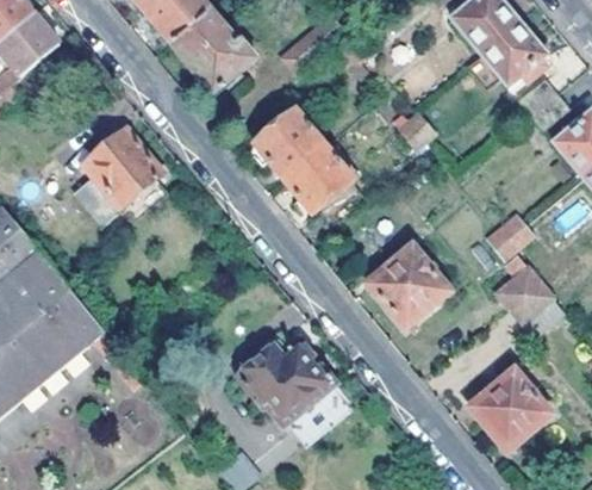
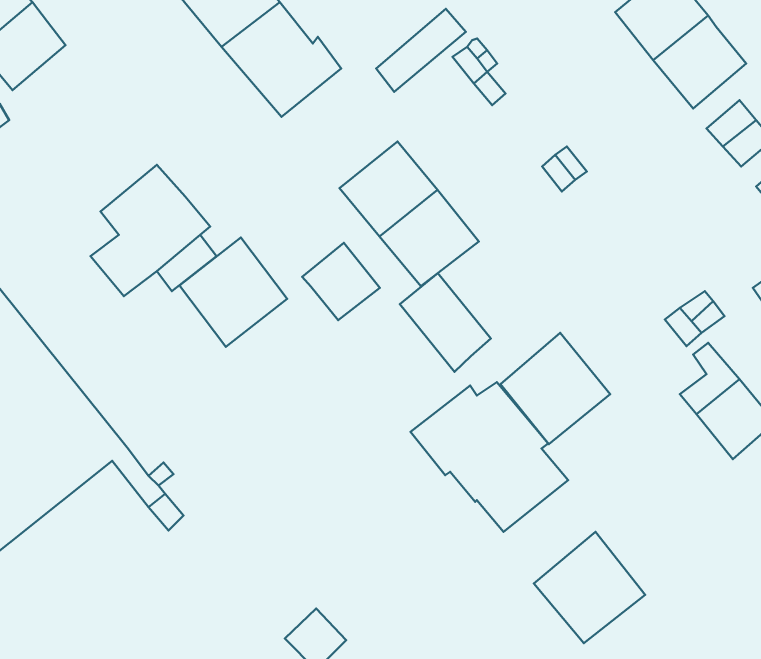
building: none -> [179,238,287,347]
building: none -> [302,243,380,320]
building: none -> [400,273,491,372]
building: [235,337,348,445] -> [410,382,568,532]
building: [471,368,550,448] -> [534,532,645,643]

